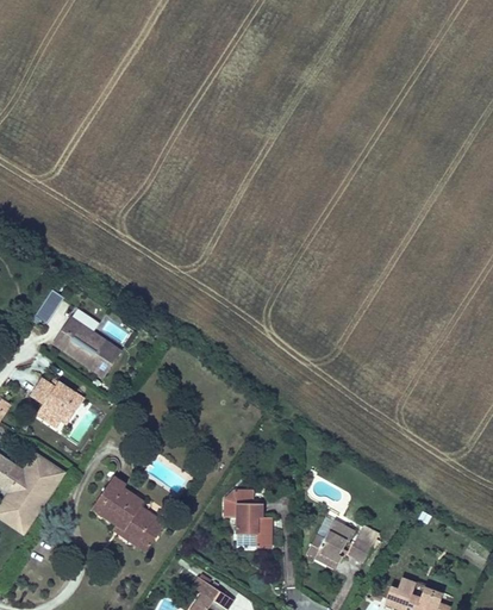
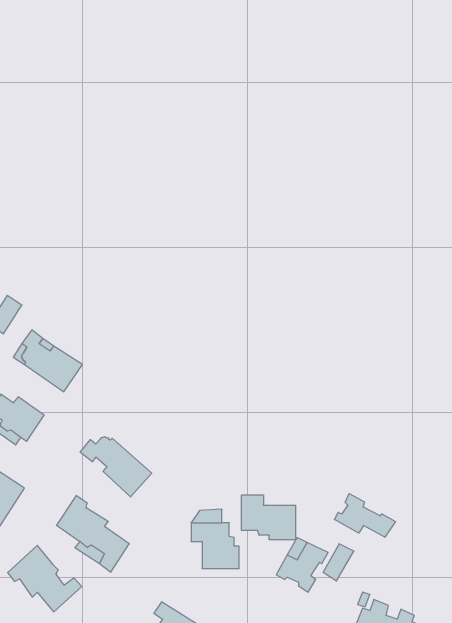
building: none -> [80,437,152,497]
building: none -> [334,494,395,537]
building: none -> [242,495,296,540]
building: none -> [8,545,82,612]

